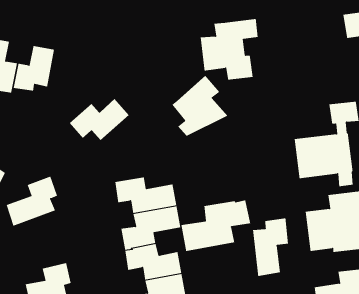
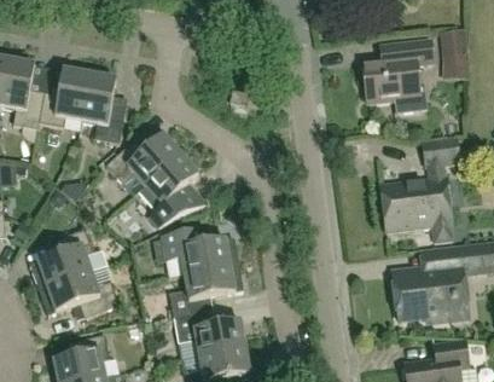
building: [200,18,258,80] -> [362,37,434,112]
building: none -> [81,74,126,141]
building: [171,75,228,137] -> [139,154,208,228]
building: [181,199,251,252] -> none
building: none -> [39,270,118,317]
building: [252,218,289,277] -> none

